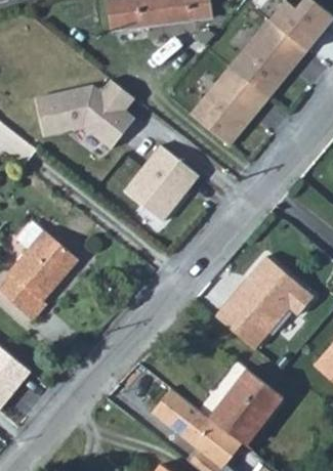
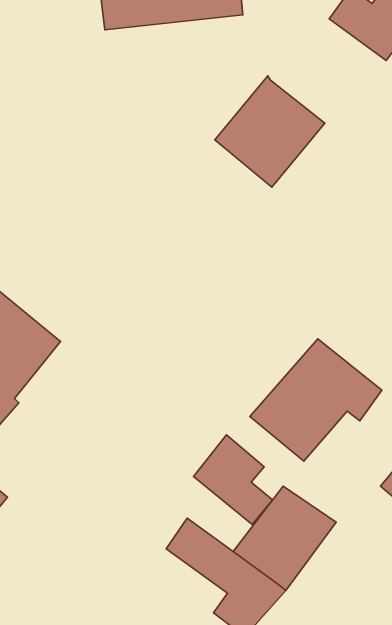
building: [231,20,307,98] -> none
building: [38,76,141,149] -> none
building: [128,145,203,222] -> none
building: none -> [193,435,273,525]

